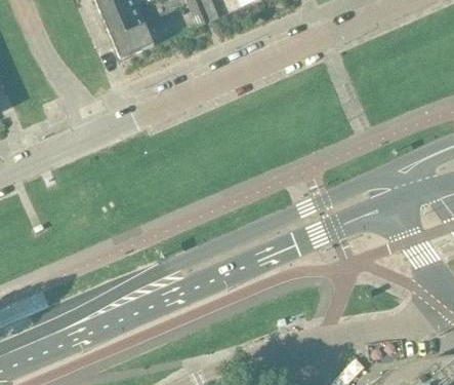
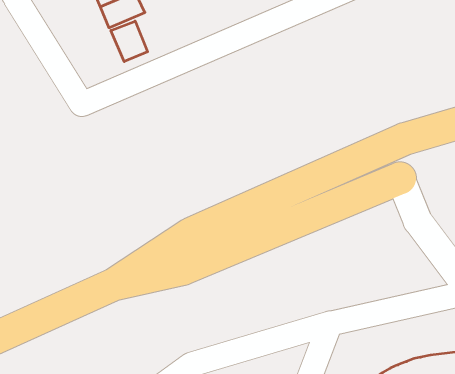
building: none -> [111,21,148,62]

